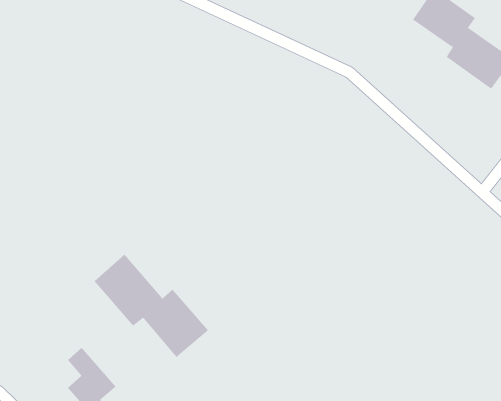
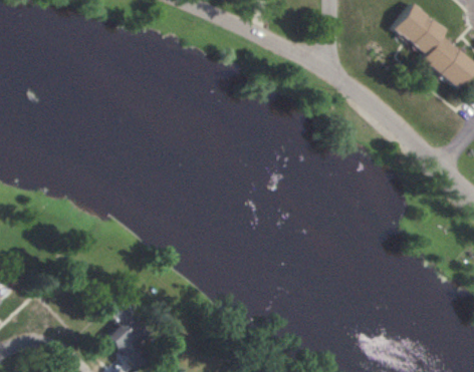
building: [94,254,209,358] -> none

